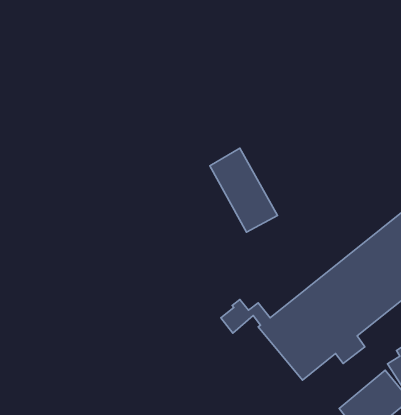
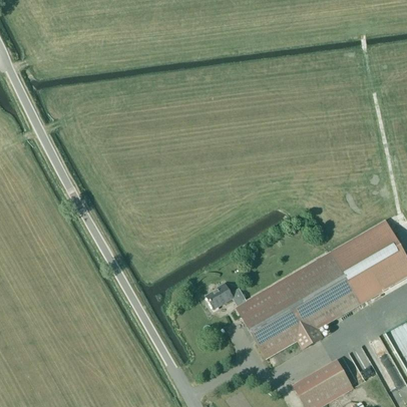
building: [210,148,277,232] -> none

